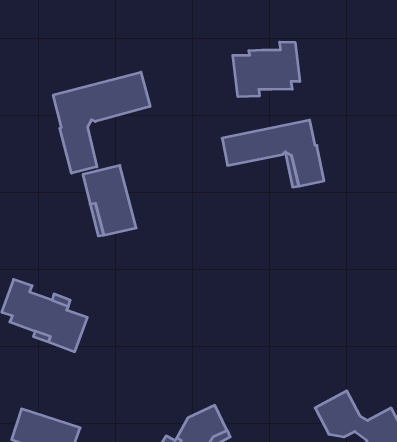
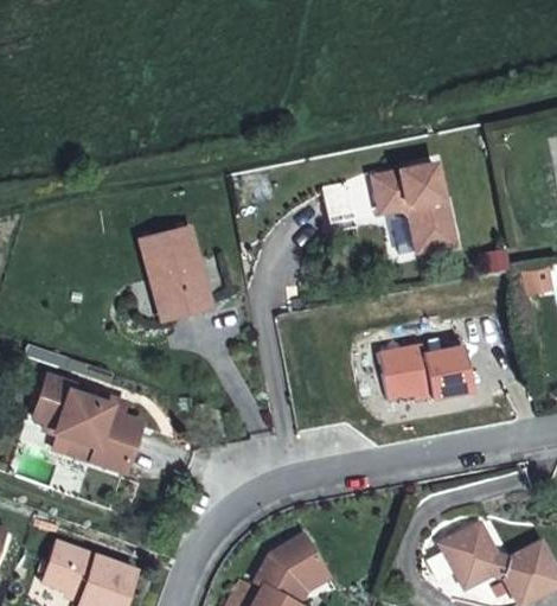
building: [233,42,300,97] -> none
building: [53,72,150,173] -> none
building: none -> [386,346,475,400]

